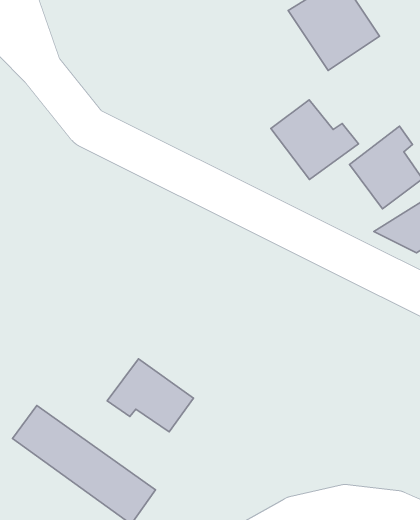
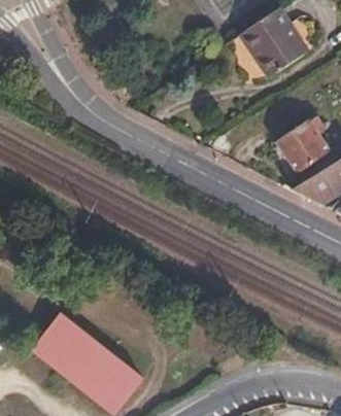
building: [271,100,358,179] -> none
building: [107,359,193,432] -> none

